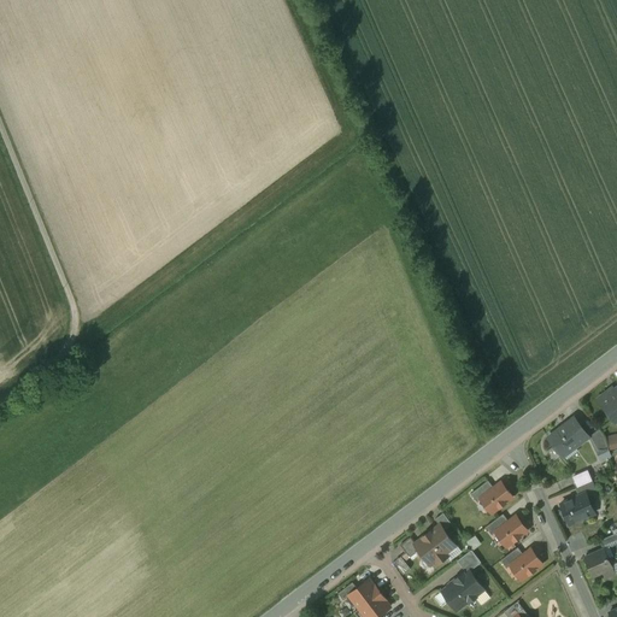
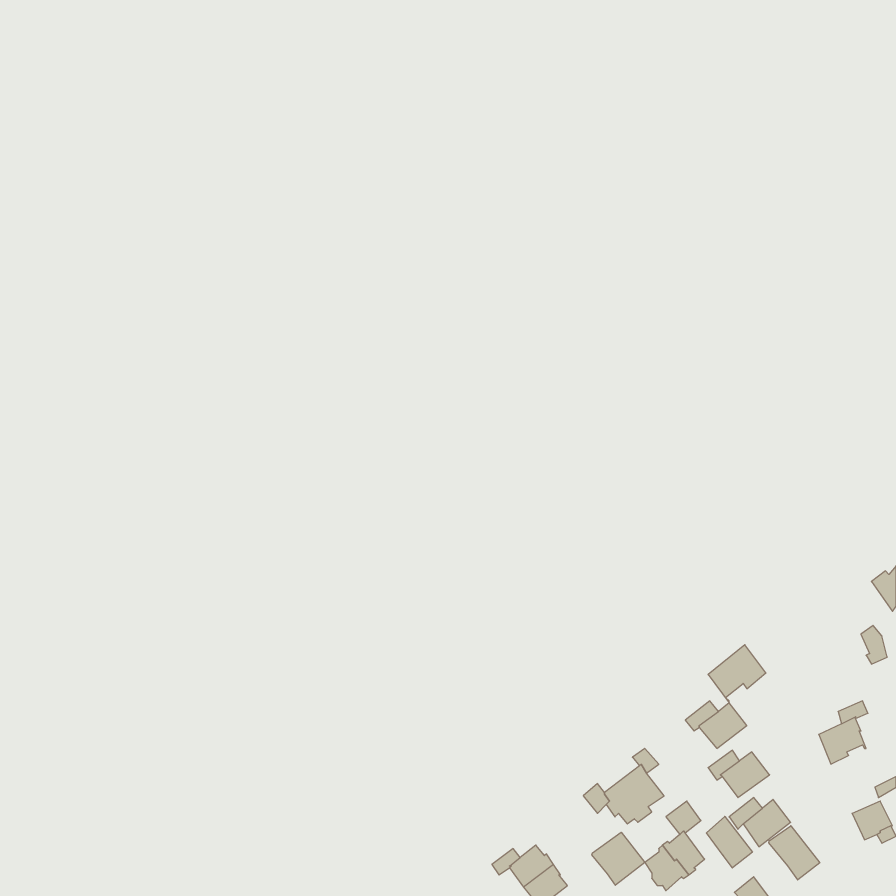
building: [548,418,588,458] -> [708,645,766,703]
building: none -> [706,816,752,868]
building: none -> [769,826,820,880]
building: none -> [592,832,645,885]

